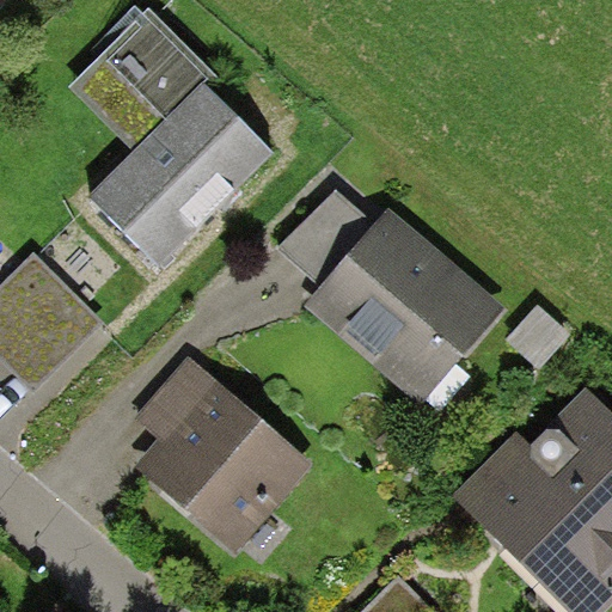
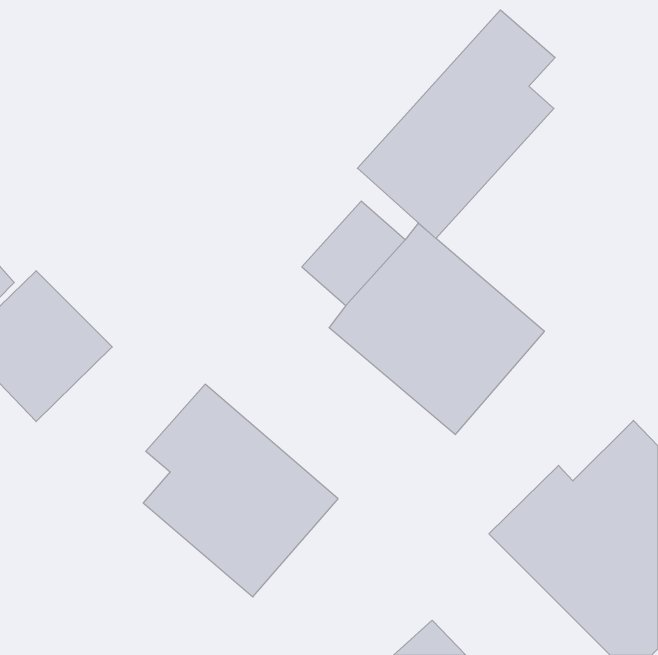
building: [69,6,274,267] -> none
building: none -> [357,10,555,238]

